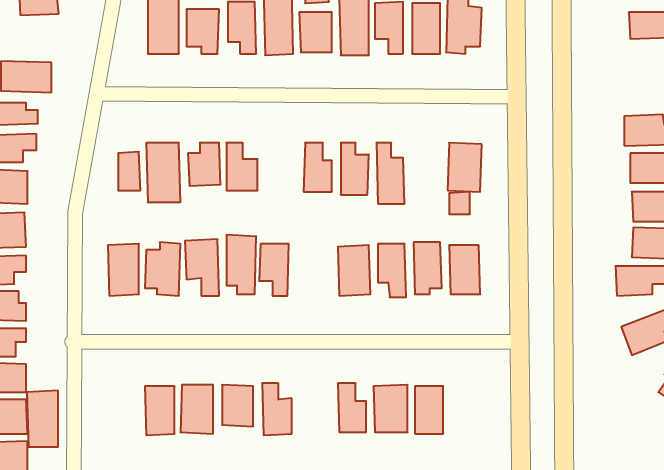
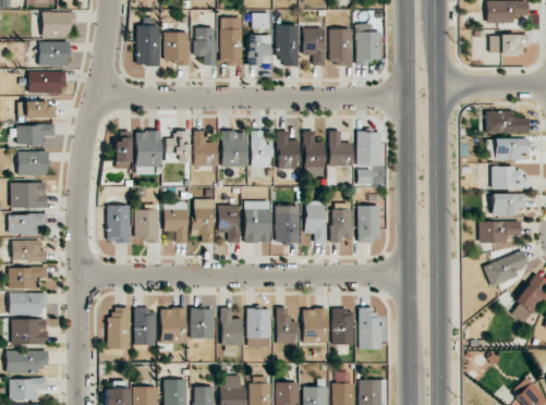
building: none -> [38,41,70,65]
building: none -> [221,131,246,167]
building: none -> [329,131,352,167]
building: none -> [244,200,270,242]
building: none -> [359,307,381,349]
building: none -> [246,308,270,347]
building: [27,391,58,447] -> [108,307,131,348]

